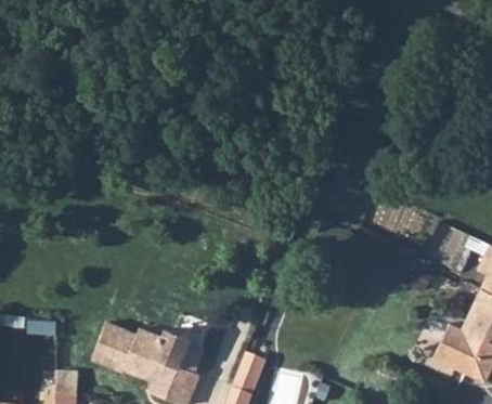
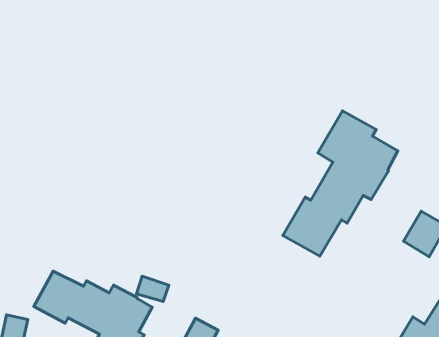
building: none -> [283,111,398,256]

